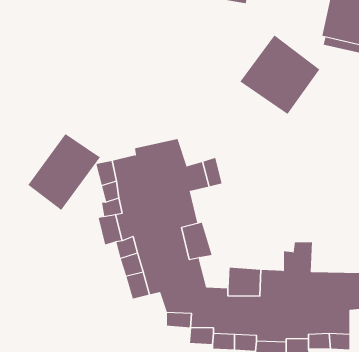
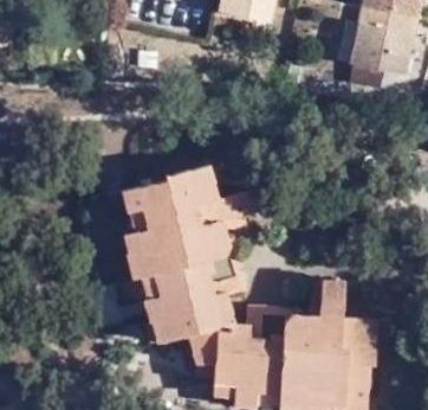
building: [240,35,320,115] -> none
building: [28,133,101,211] -> none

